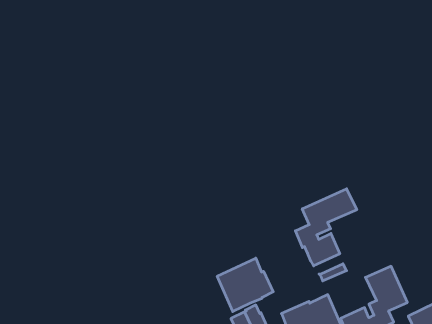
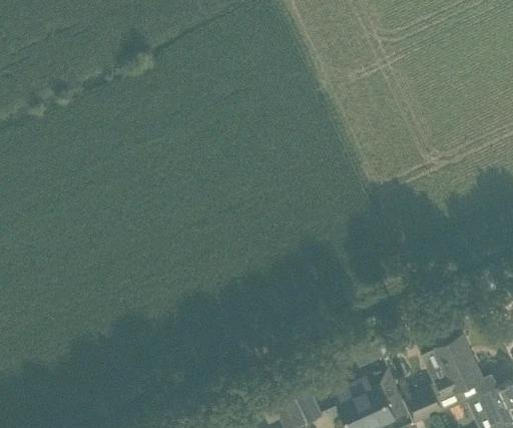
building: [295,189,357,266] -> none
building: [217,258,273,312] -> none

